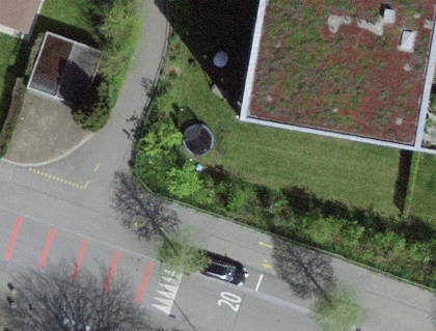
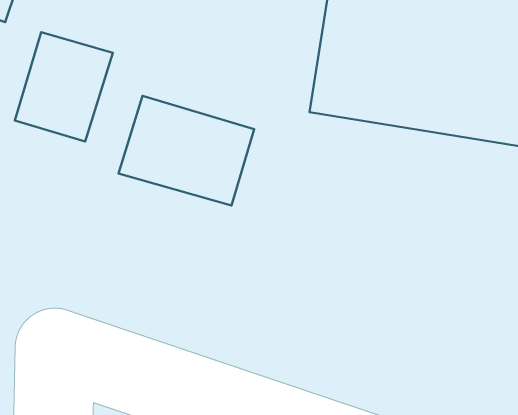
building: none -> [119,96,254,206]

